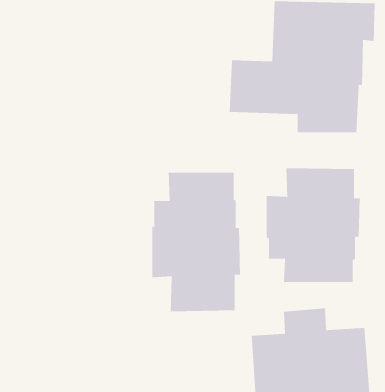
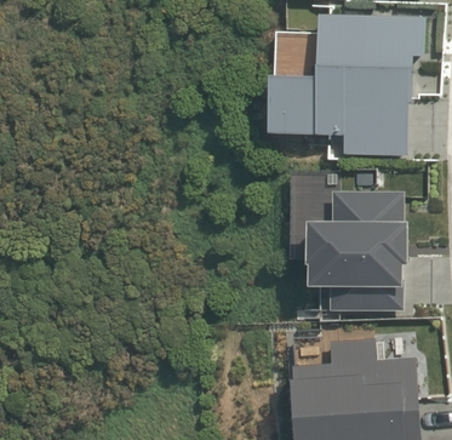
building: [152,172,241,312] -> none

